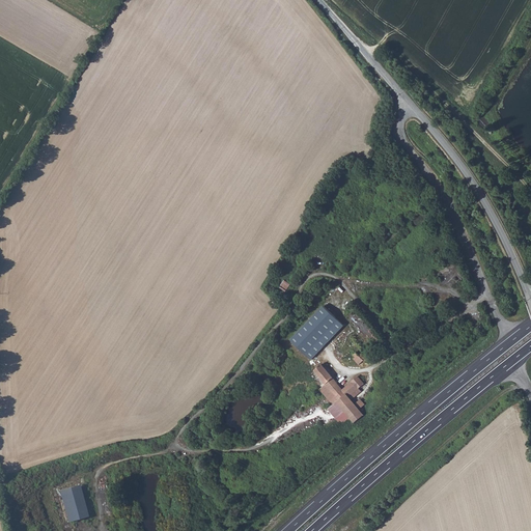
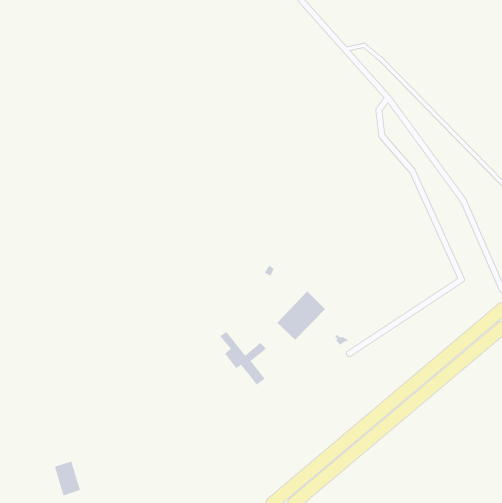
building: [313,364,363,421] -> [219,331,266,385]

